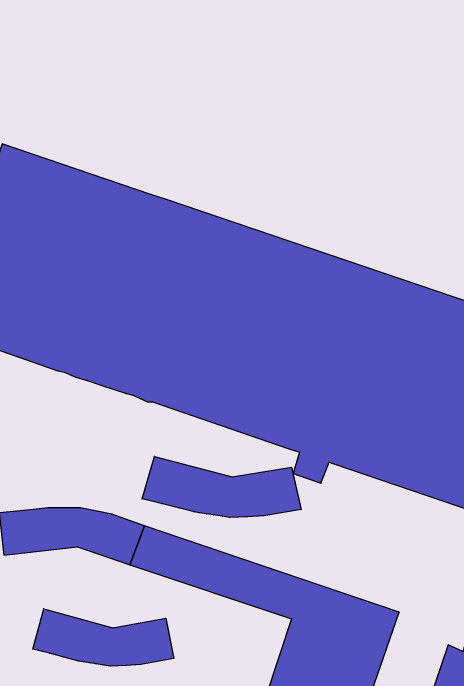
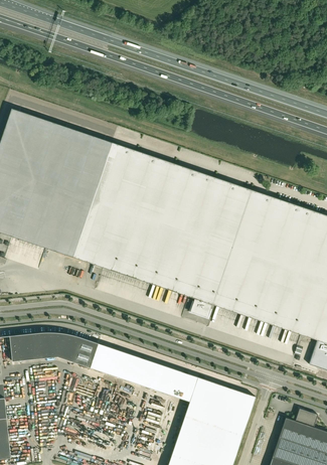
building: [142,456,301,517] -> none
building: [33,609,174,666] -> none

